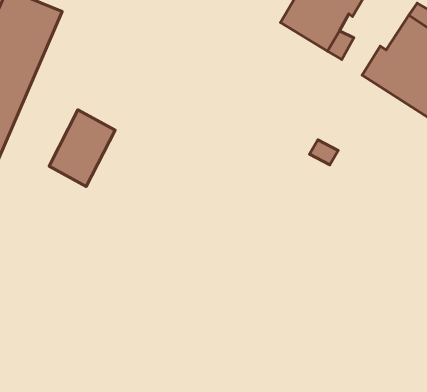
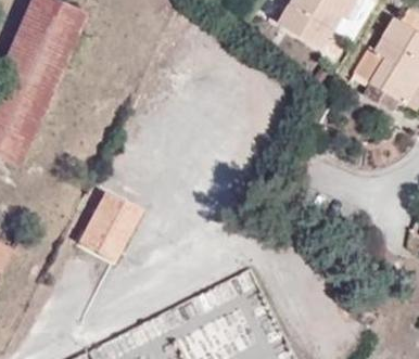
building: [49,110,115,186] -> [79,190,139,259]

